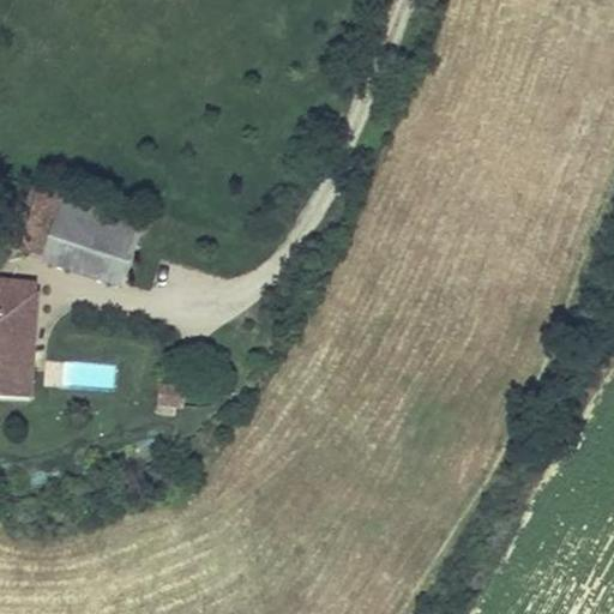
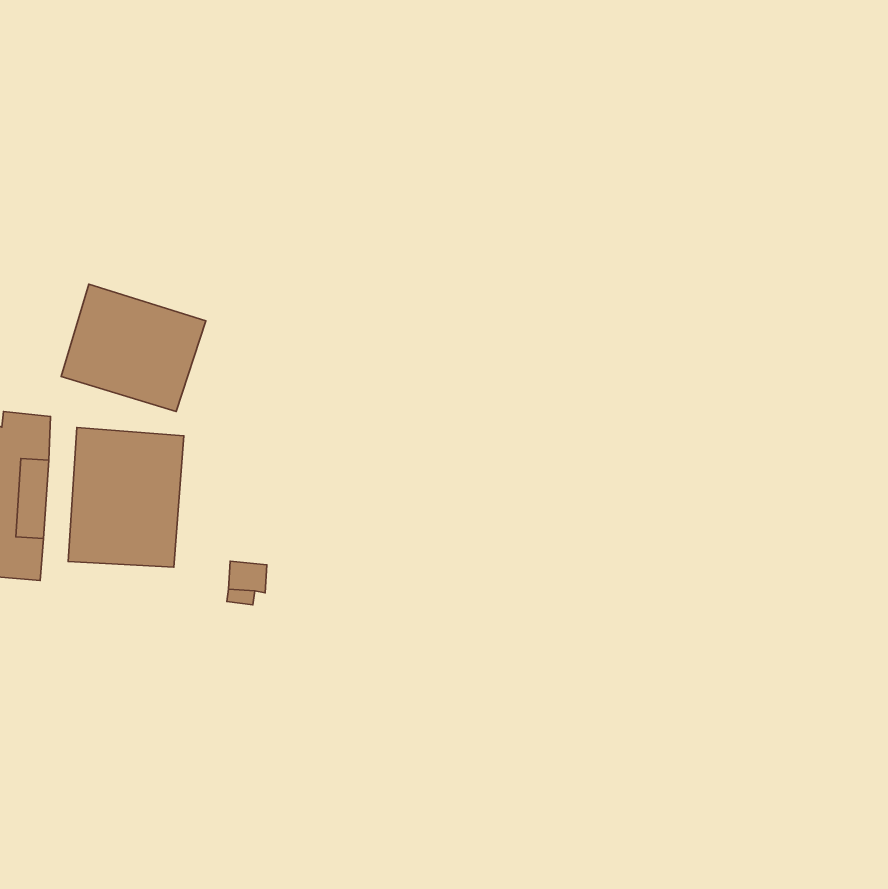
building: none -> [68,428,184,567]

